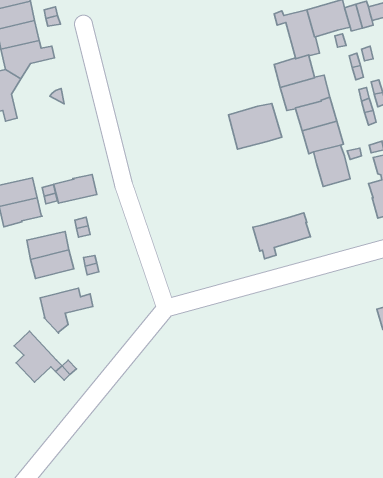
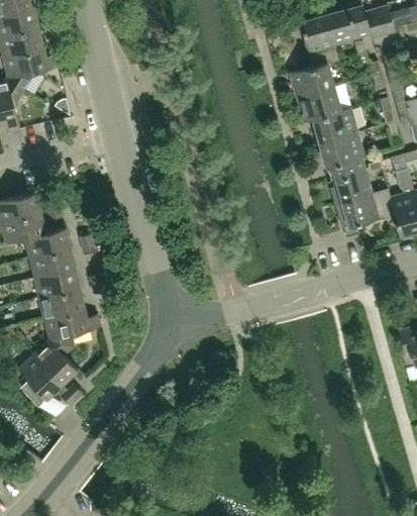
building: [228,104,282,149] -> none
building: [54,175,97,203] -> [25,228,71,259]
building: [253,213,311,259] -> [334,189,395,237]
building: none -> [39,289,85,319]
building: none -> [33,340,78,385]

